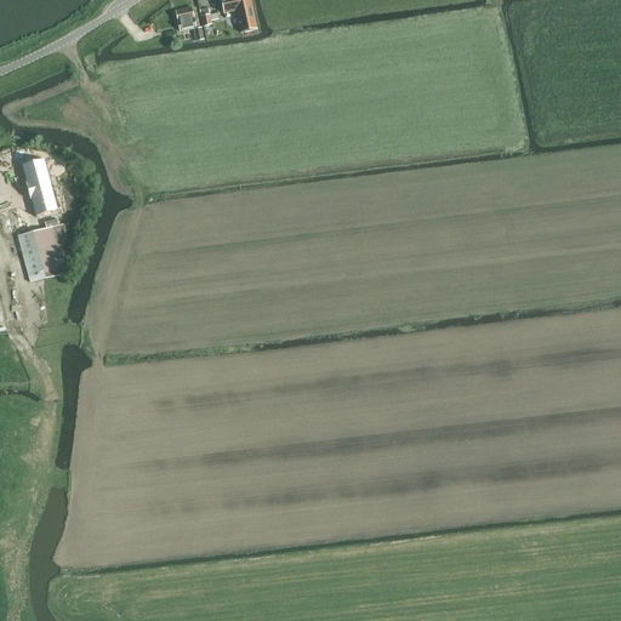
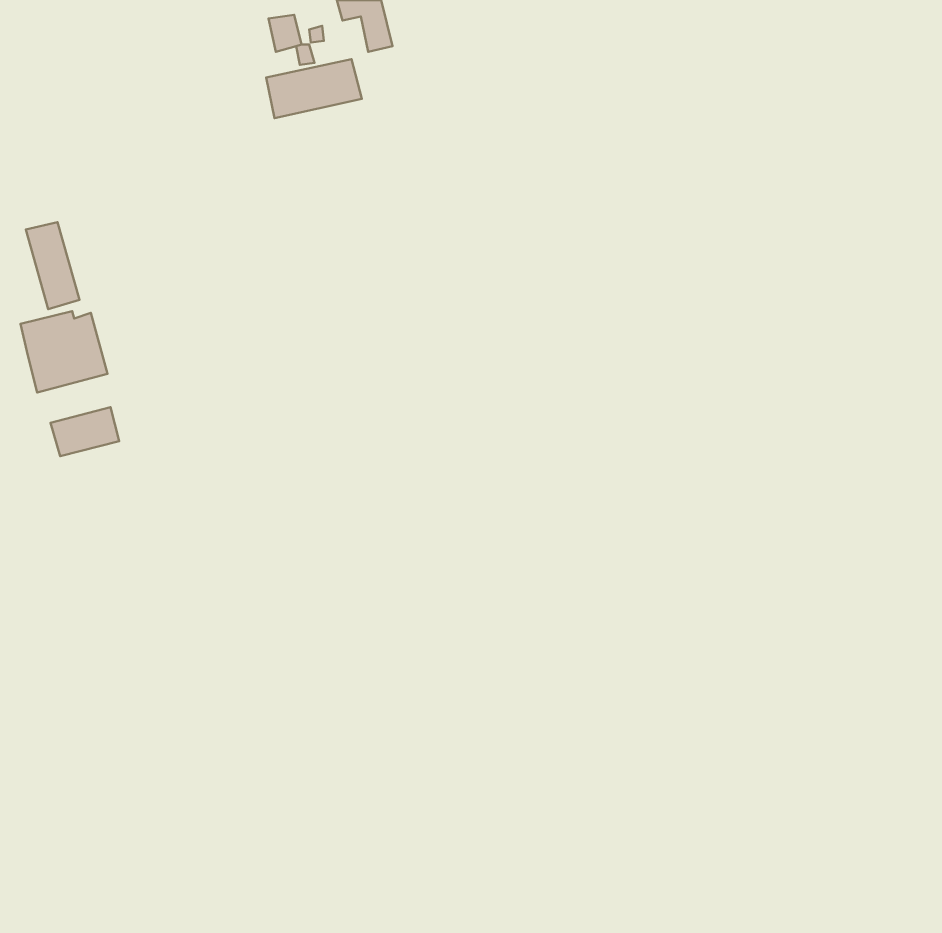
building: none -> [266,59,362,118]
building: none -> [50,407,119,456]

